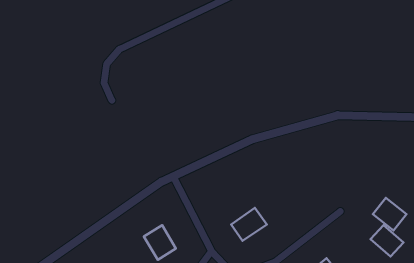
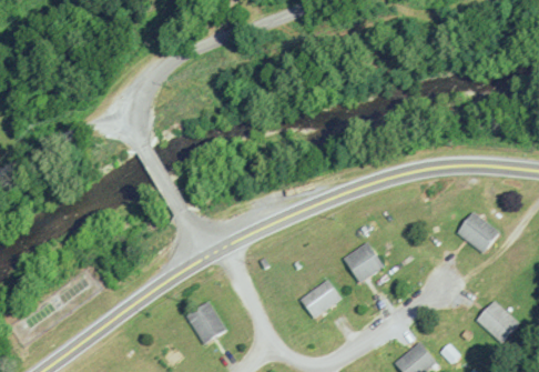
building: none -> [343,243,383,282]
building: [373,198,406,231] -> [456,212,499,254]

